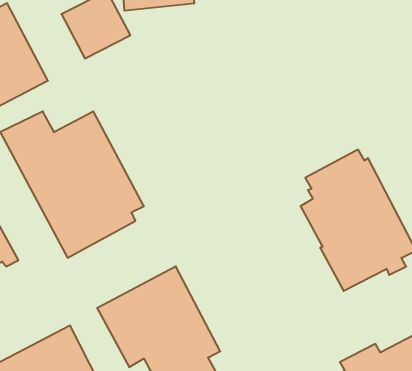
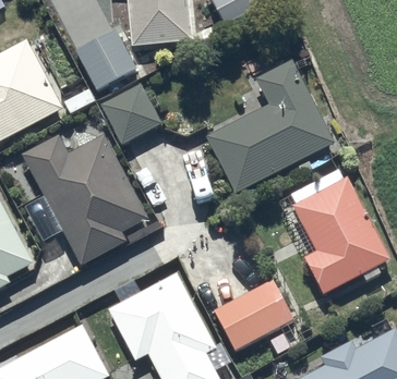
building: none -> [206,58,335,192]
building: none -> [100,82,160,143]
building: none -> [218,281,299,353]

